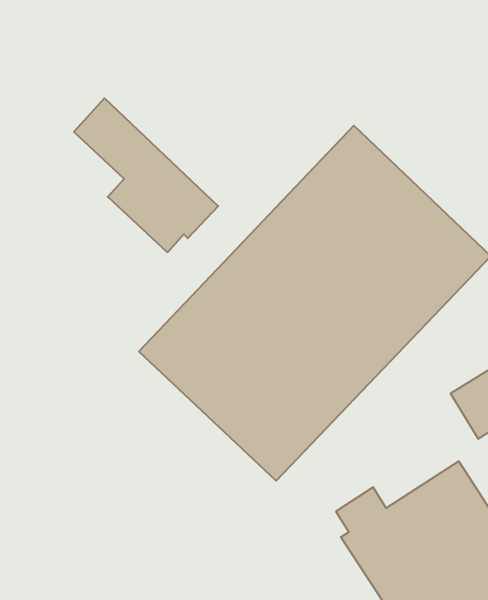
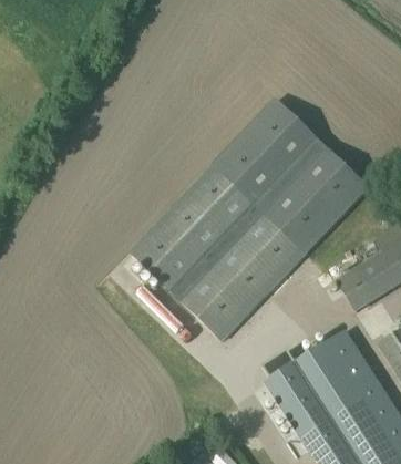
building: [74,98,218,252] -> none

